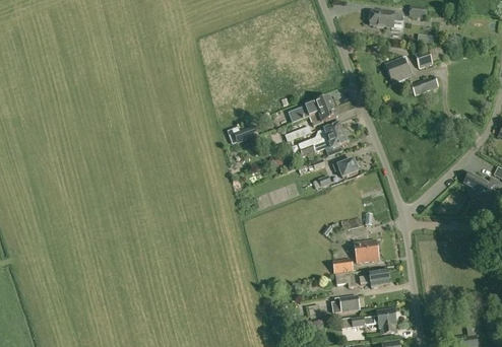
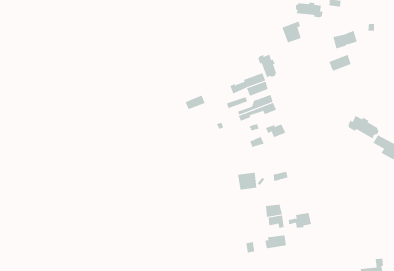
building: [385,55,410,82] -> [282,21,302,43]
building: none -> [258,54,277,78]
building: none -> [348,115,379,139]
building: [354,239,378,262] -> [237,172,257,190]
building: [352,308,396,333] -> none

